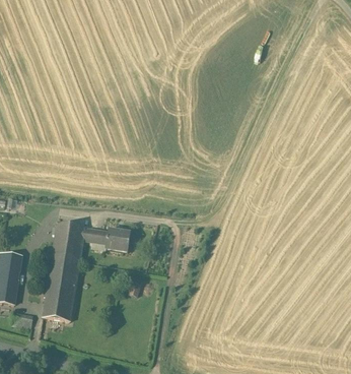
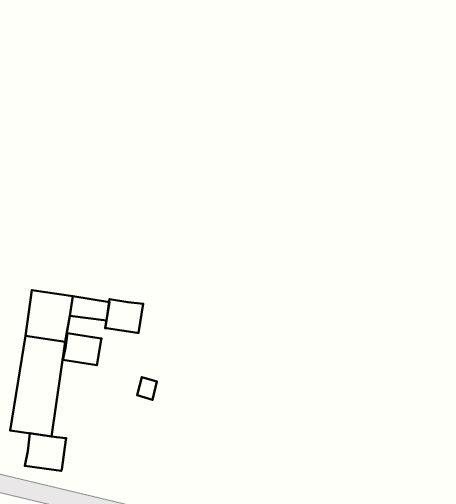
building: none -> [63,333,102,365]
building: none -> [25,433,66,471]

